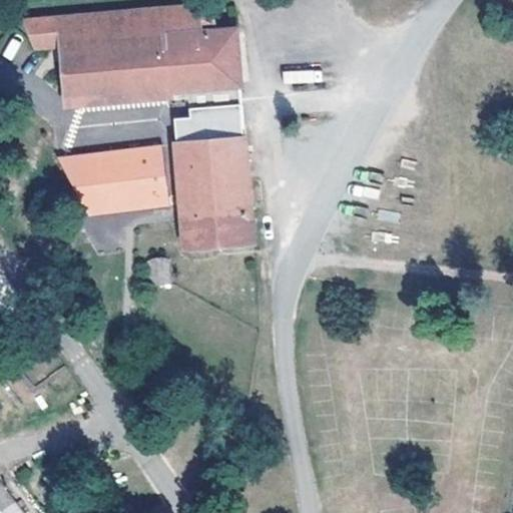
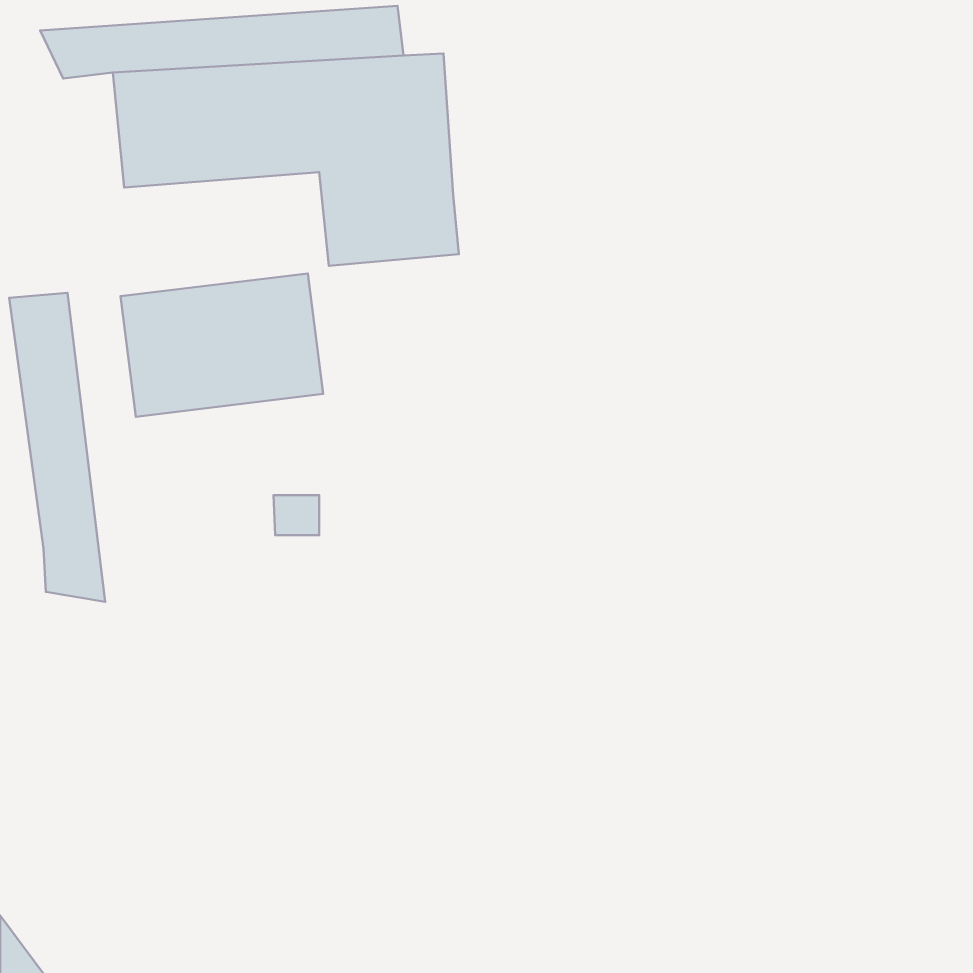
building: [174,135,250,249] -> none
building: none -> [9,293,105,602]

